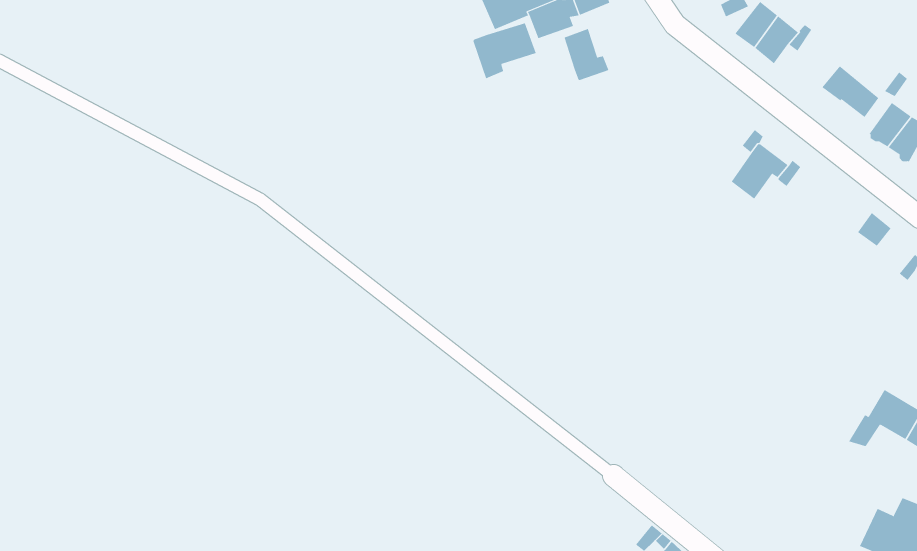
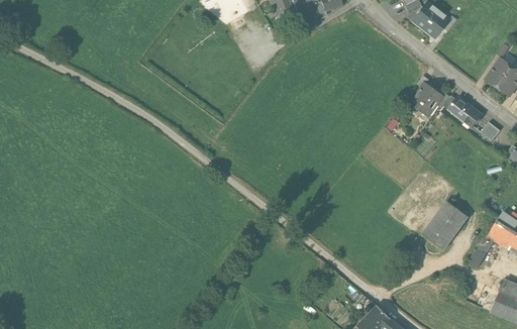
building: [473,22,536,79] -> none
building: [564,28,609,81] -> none
building: [822,66,879,118] -> [448,98,481,127]
building: none -> [423,200,469,250]

